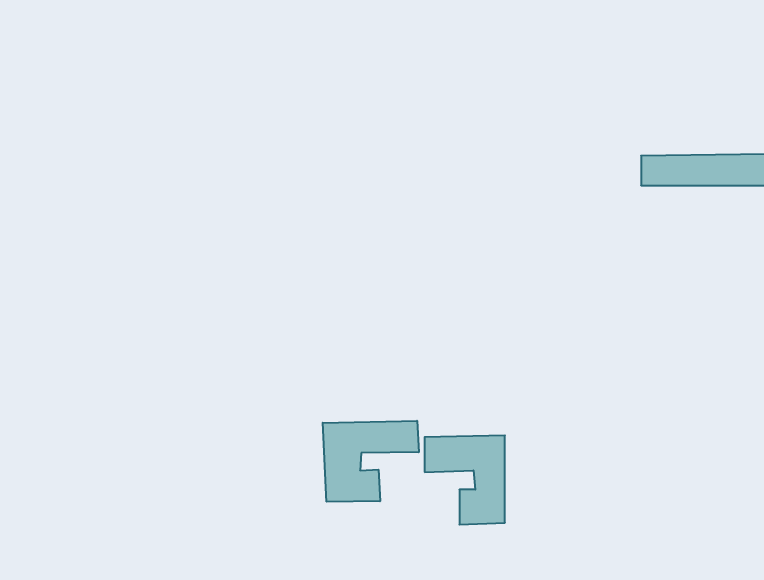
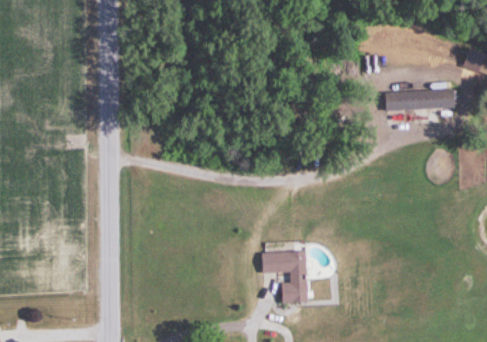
building: [323,421,419,502] -> none

